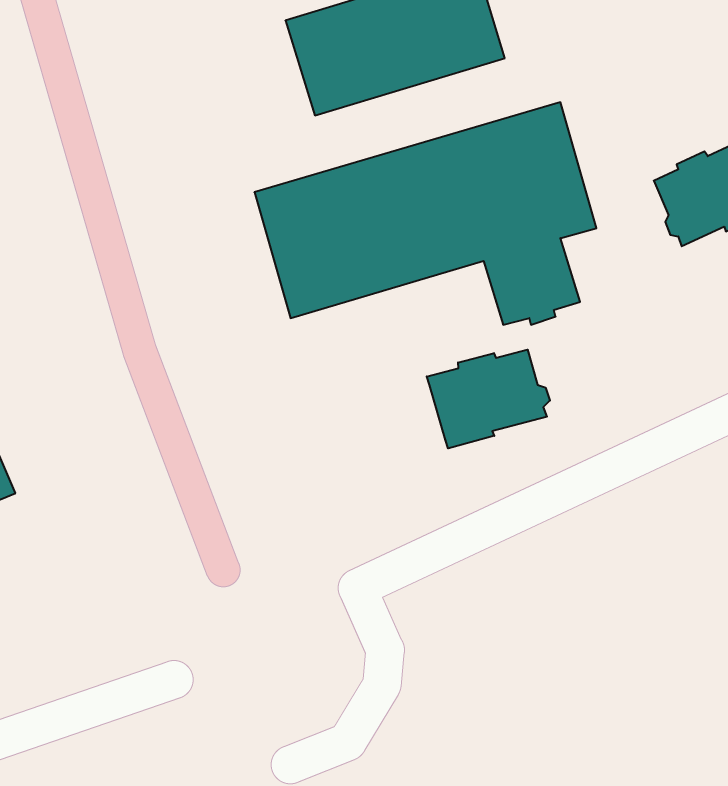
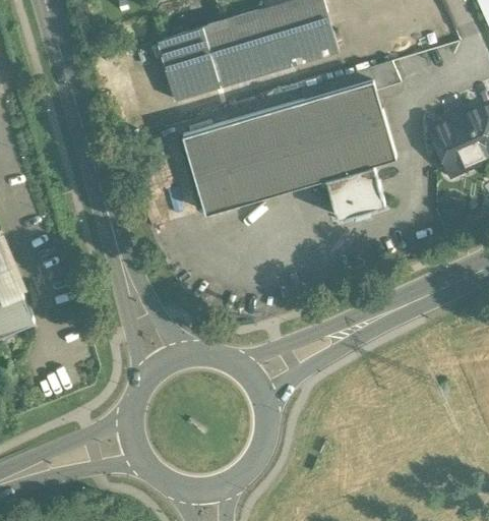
building: none -> [158,28,221,101]
building: [427,350,550,448] -> none

